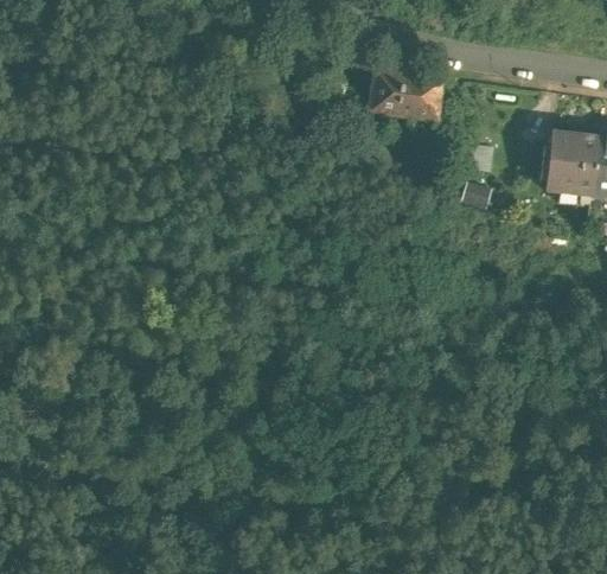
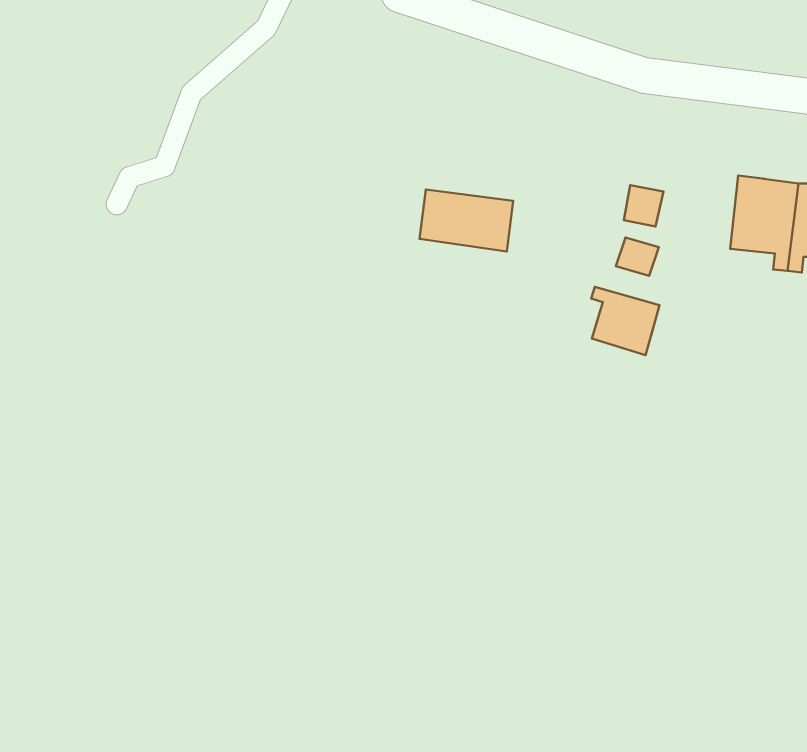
building: [371,72,441,119] -> [419,190,513,252]
building: none -> [591,287,659,355]

